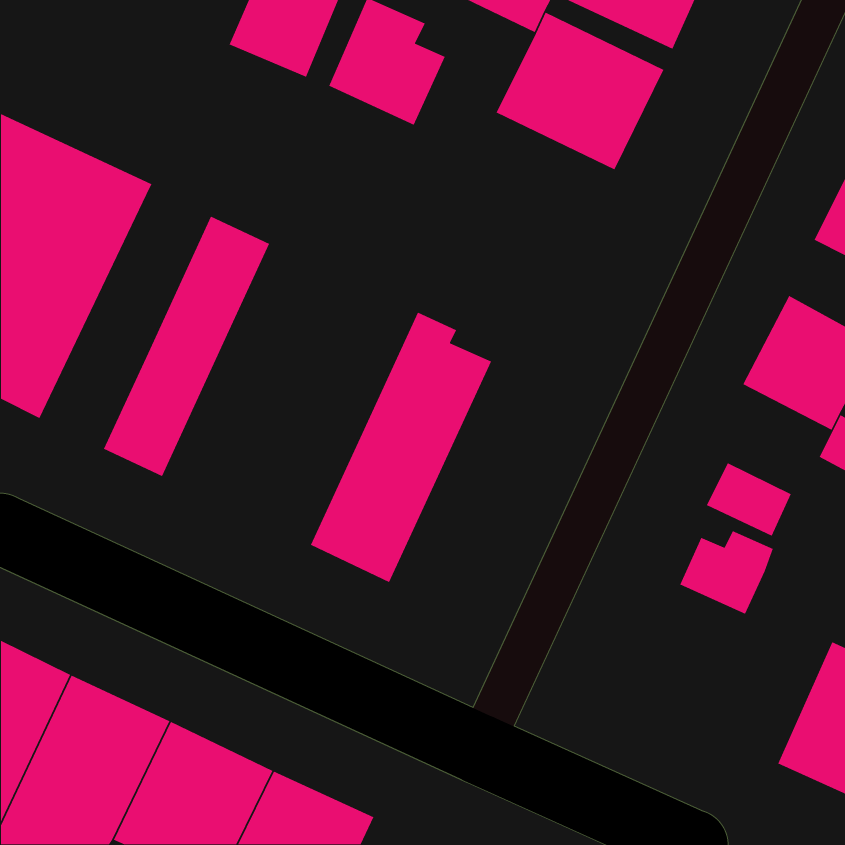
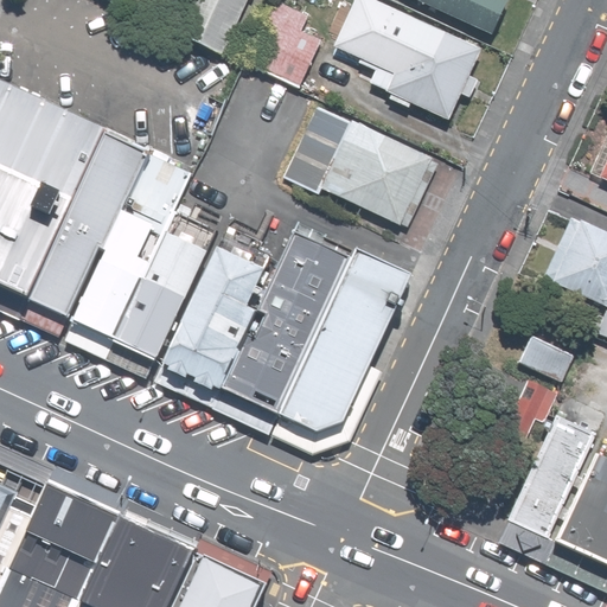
building: none -> [285,107,440,228]
building: none -> [30,134,154,319]
building: none -> [117,234,209,362]
building: none -> [165,248,271,392]
building: none -> [280,250,414,435]
building: none -> [497,409,587,541]

